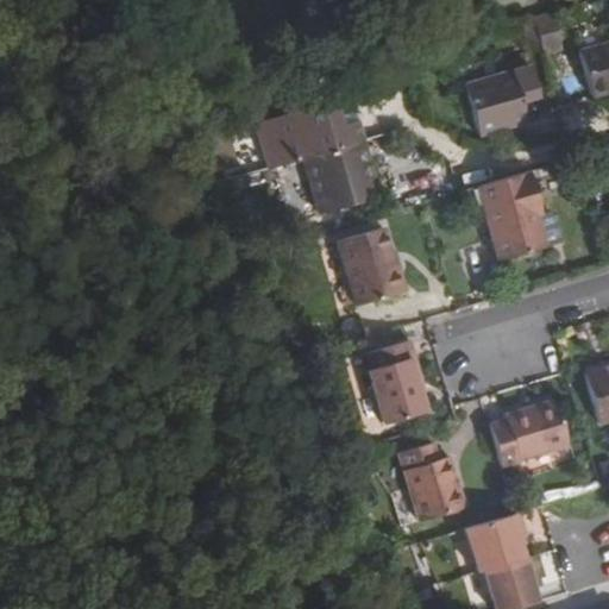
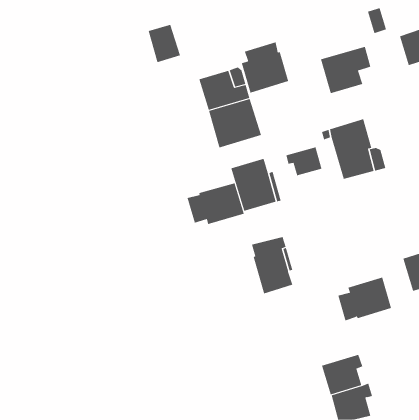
building: none -> [241,41,289,93]
building: [256,114,303,170] -> [148,24,181,63]
building: none -> [286,146,322,176]
building: none -> [187,182,244,225]
building: [397,444,465,523] -> none

